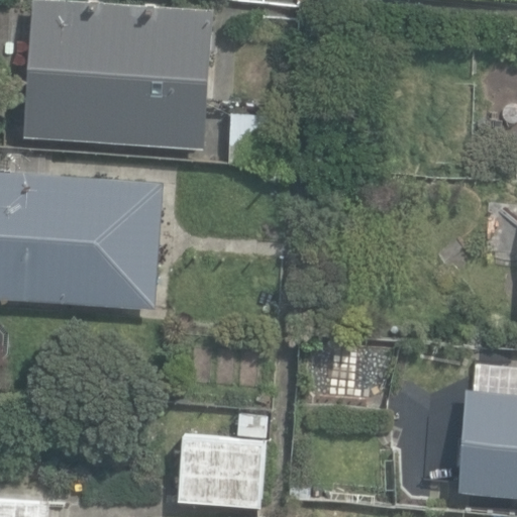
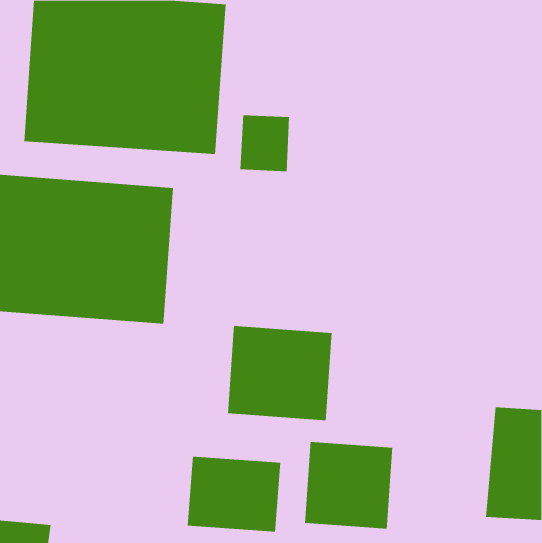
building: none -> [227,325,332,421]
building: none -> [305,441,393,529]

